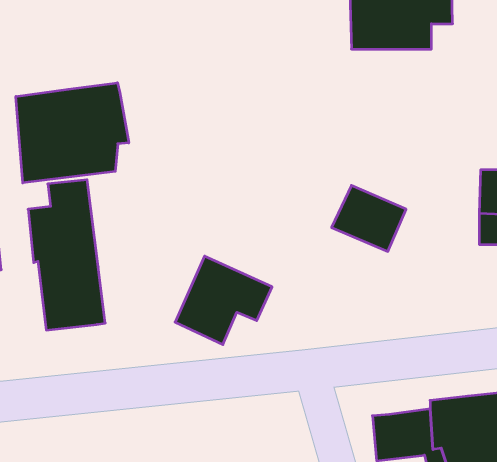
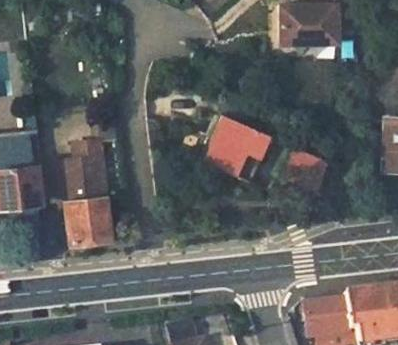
building: [16,83,129,183] -> none
building: [175,256,272,345] -> [201,106,270,169]

